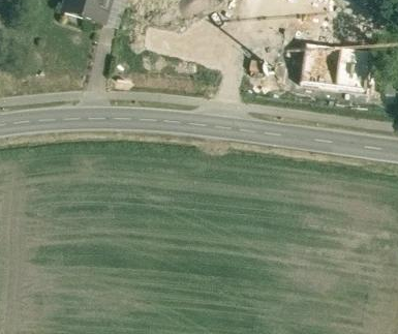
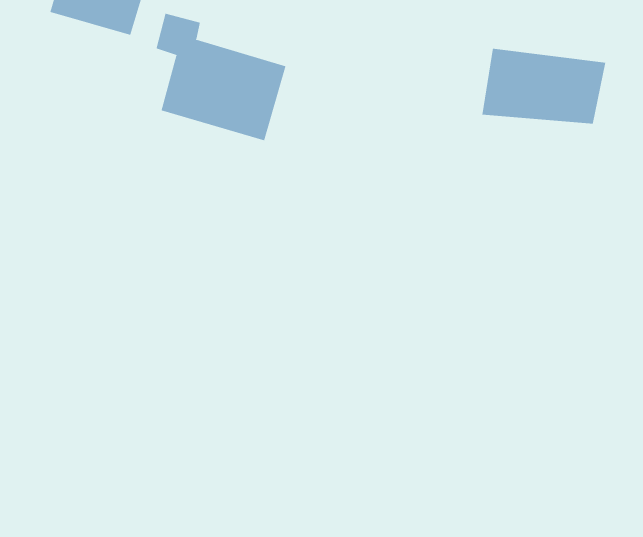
building: none -> [156,13,286,141]

